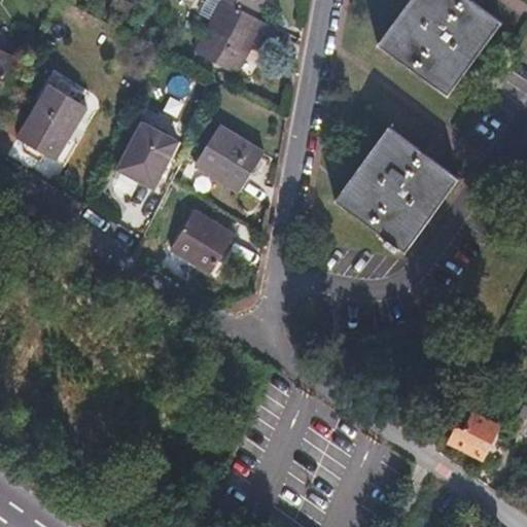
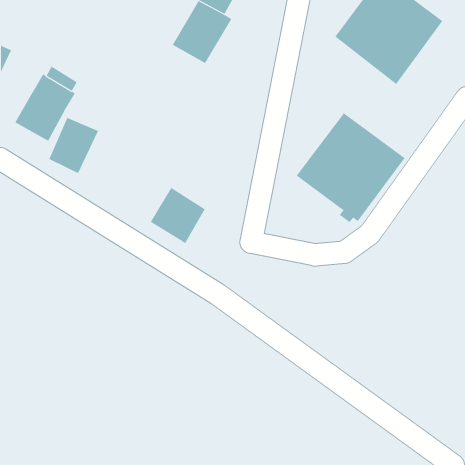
building: [117,125,174,188] -> [48,117,99,174]
building: [194,125,260,188] -> none
building: [448,412,493,455] -> none

